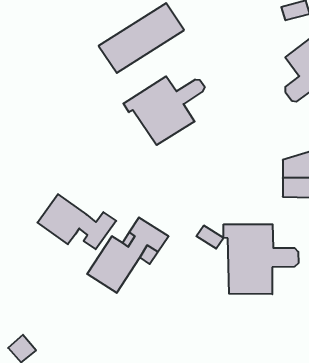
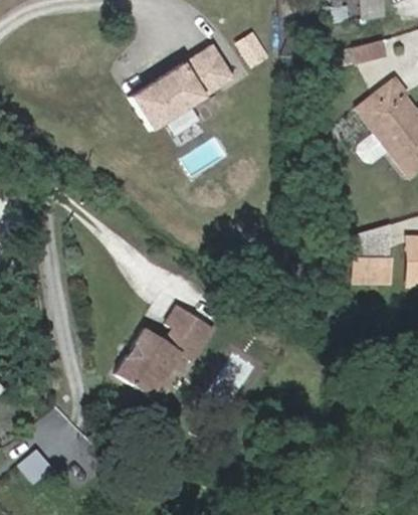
building: [123,76,205,145] -> none
building: [37,194,116,249] -> none
building: [224,224,299,294] -> none

